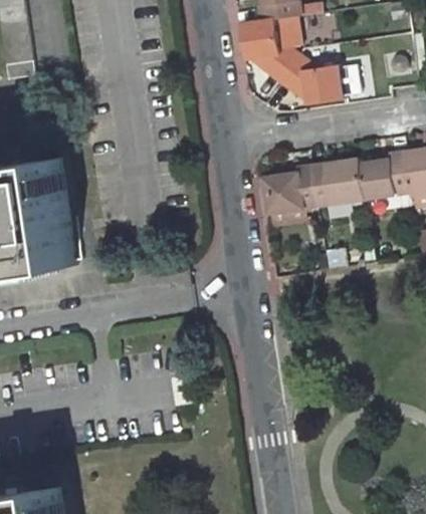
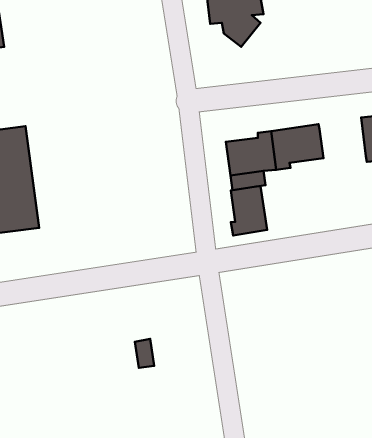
building: [279,53,346,102] -> none
building: [361,152,409,199] -> none
building: none -> [231,186,267,236]

